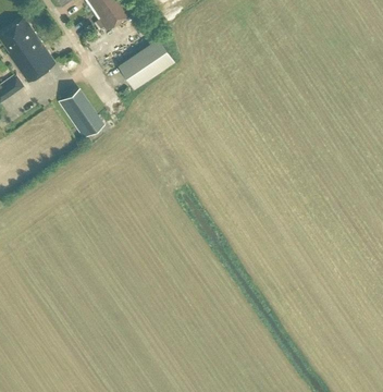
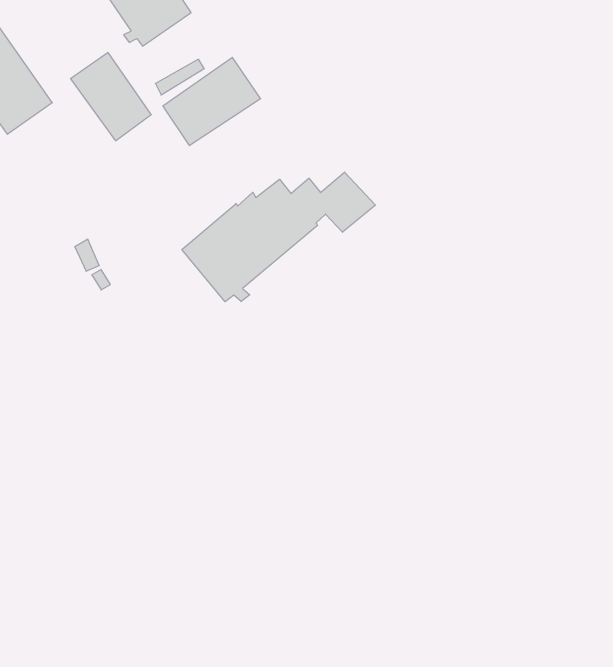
building: [58,87,104,138] -> [71,53,151,141]
building: none -> [182,172,375,302]

